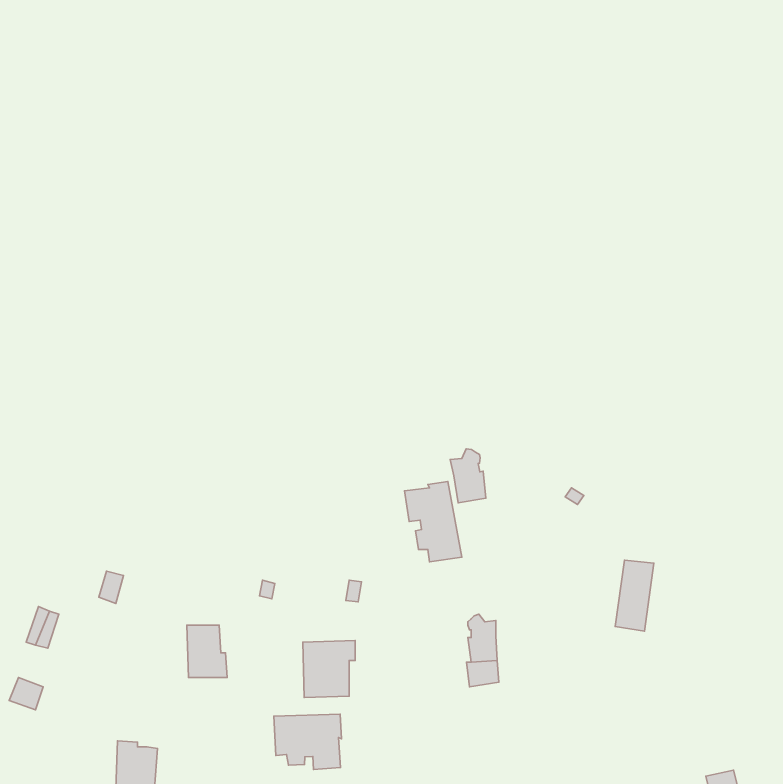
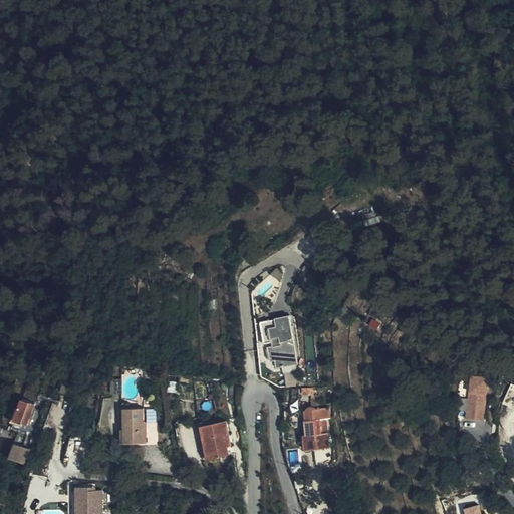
building: [450,449,486,503] -> none
building: [615,560,654,631] -> [460,376,485,423]
building: [274,714,341,770] -> none

